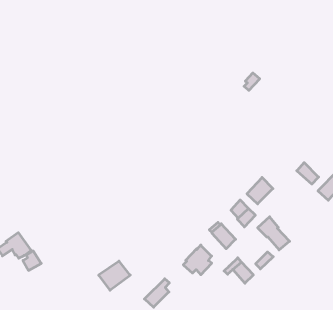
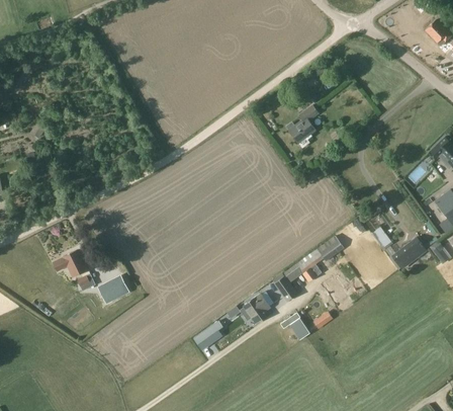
building: none -> [288,103,320,143]
building: [99,261,130,290] -> [97,274,129,303]

